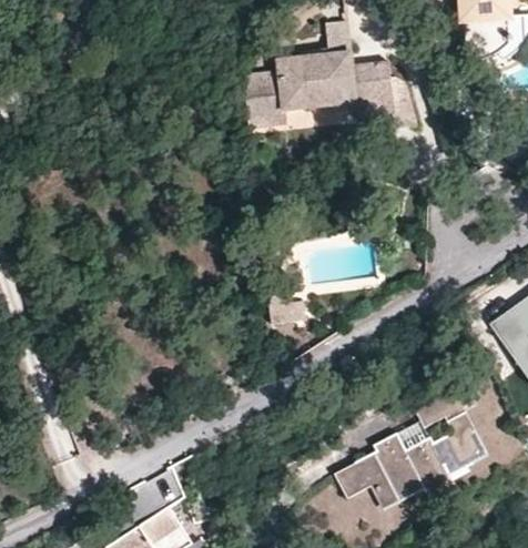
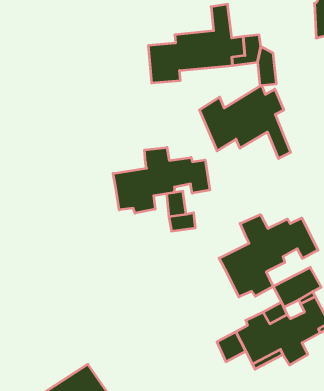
building: none -> [199,85,291,159]
building: none -> [113,147,210,213]
building: none -> [219,215,318,297]

